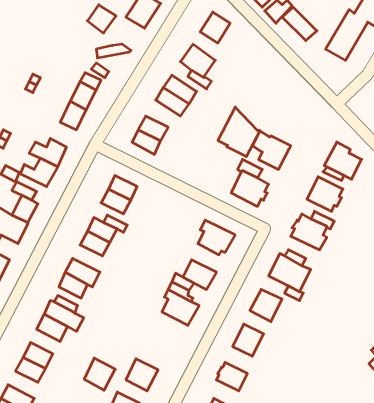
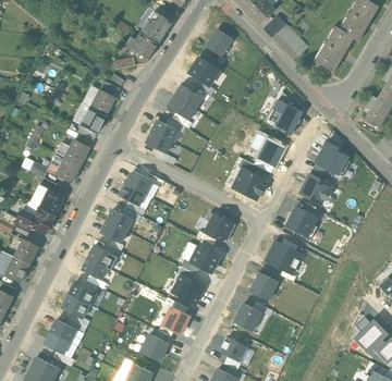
building: none -> [128,33,157,62]
building: [218,107,260,157] -> [267,90,304,134]
building: [84,358,115,390] -> [162,306,189,334]

